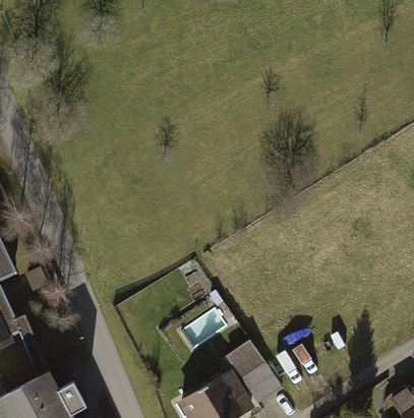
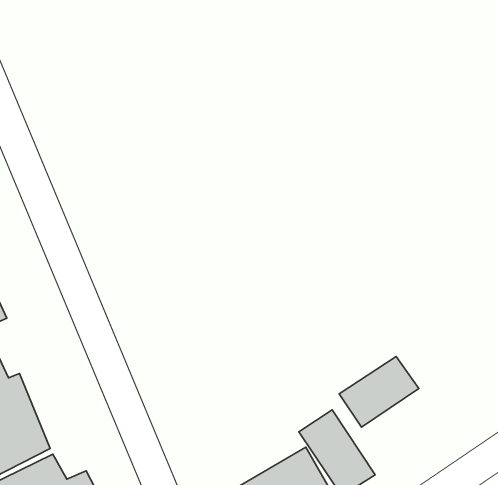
building: none -> [339,356,419,427]

